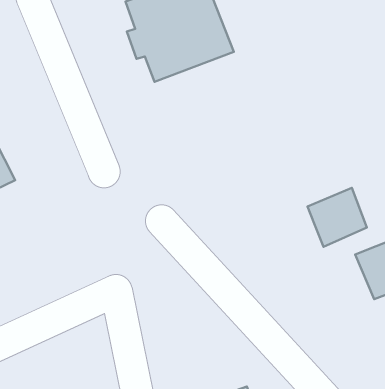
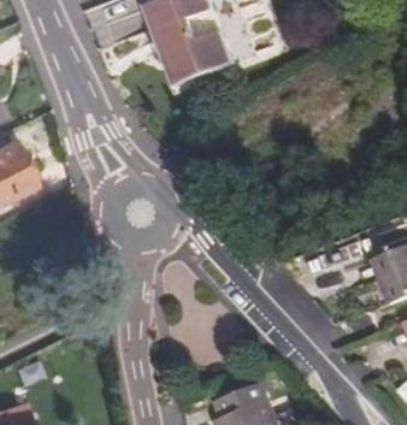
building: [308,188,367,247] -> none

